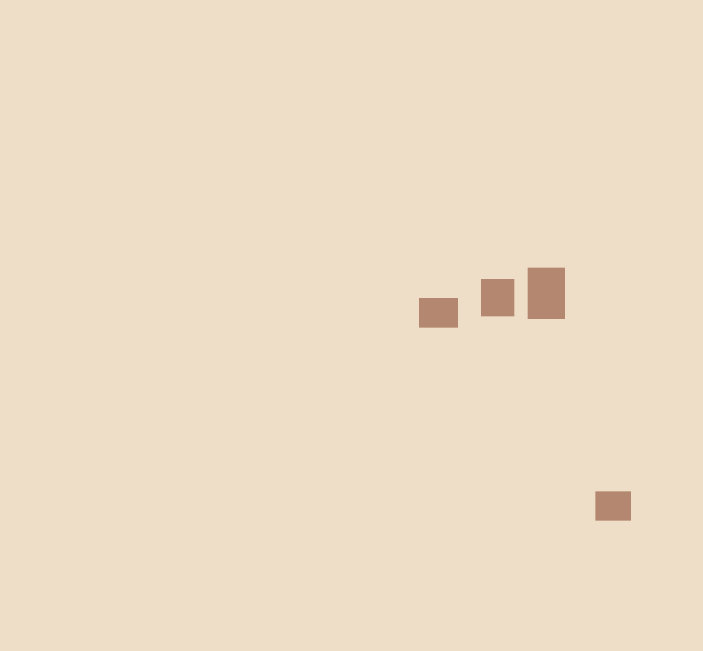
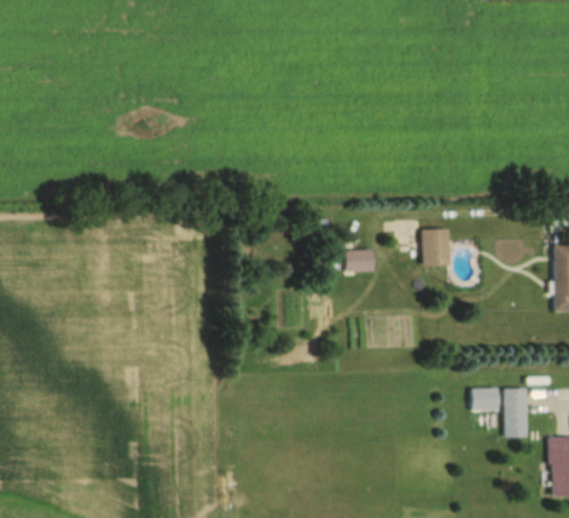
building: [481,278,515,317] -> none
building: none -> [505,389,528,437]

